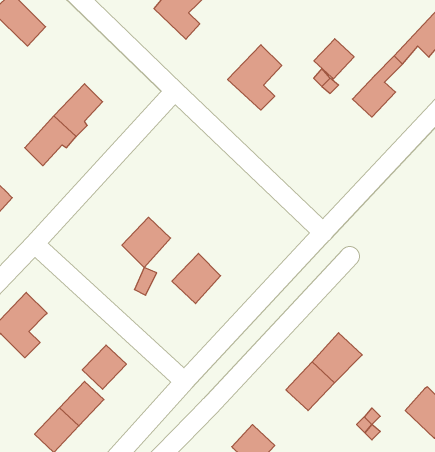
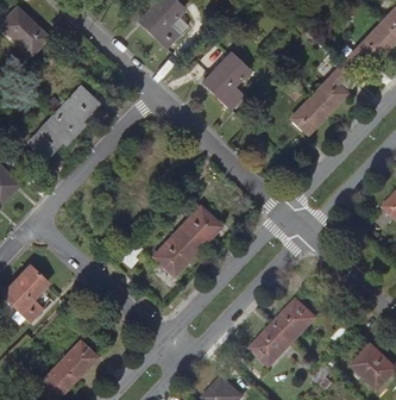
building: [314,39,354,79] -> [291,98,326,132]
building: [122,217,171,267] -> [177,206,219,249]
building: [82,345,126,389] -> none

